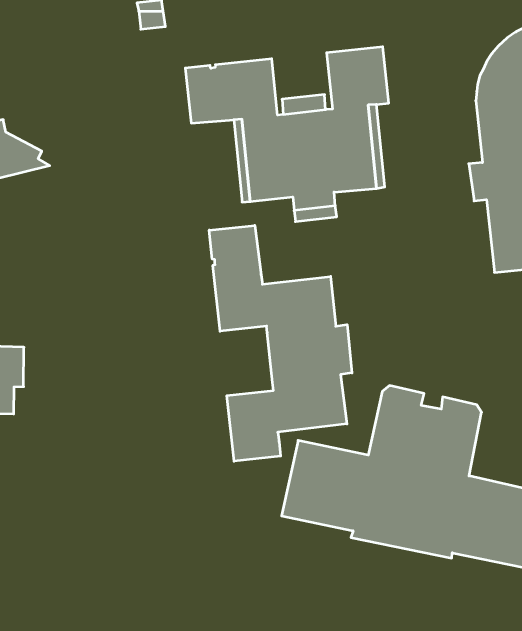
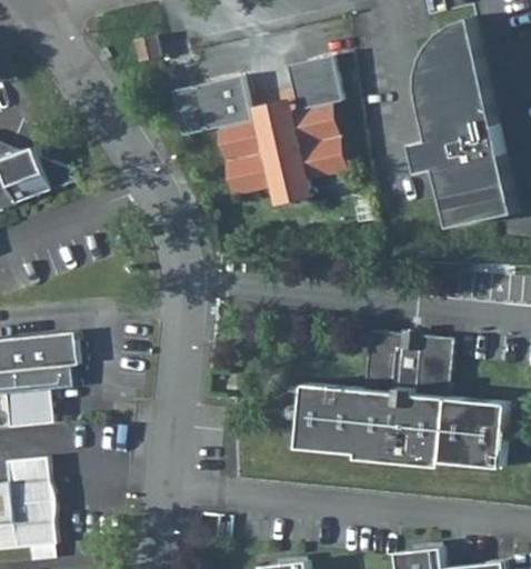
building: [209,225,352,461] -> none

